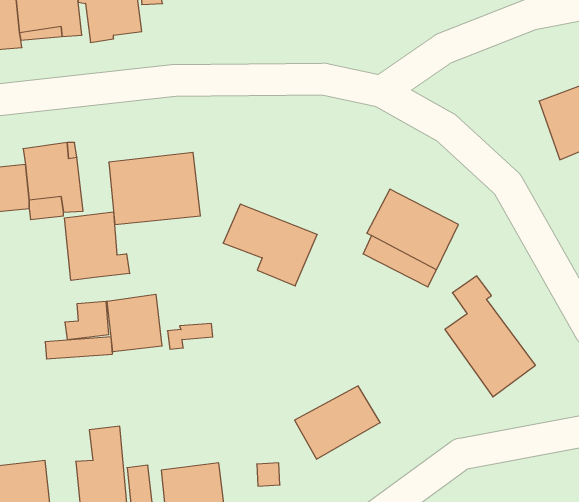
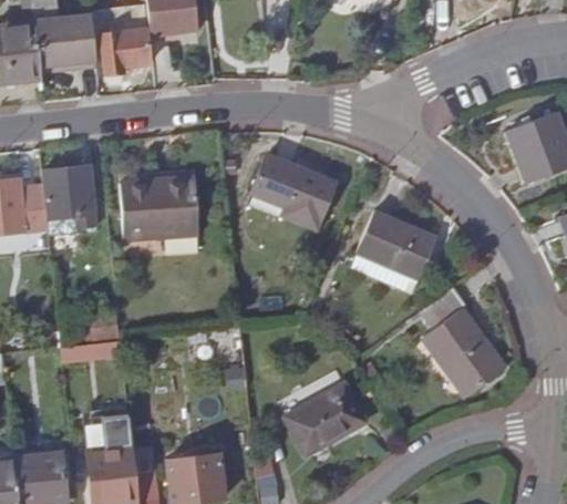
building: [223,204,317,286] -> [255,155,340,229]
building: [65,212,130,280] -> none
building: [107,294,162,352] -> none

